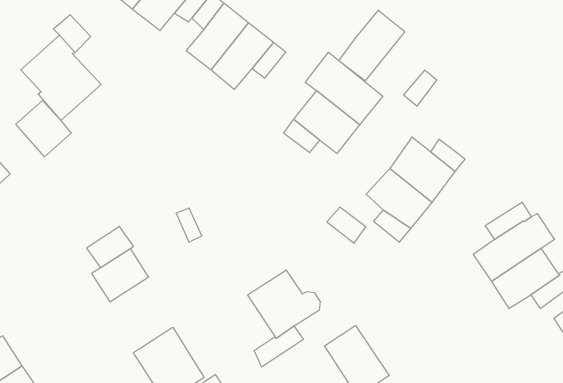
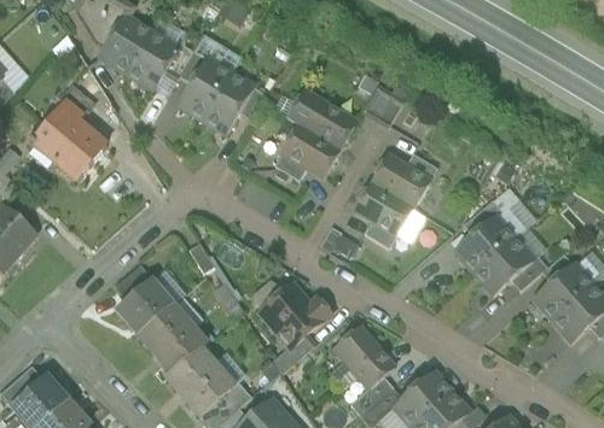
building: [339,10,405,81] -> none
building: [16,100,71,157] -> none
building: none -> [140,309,203,371]

